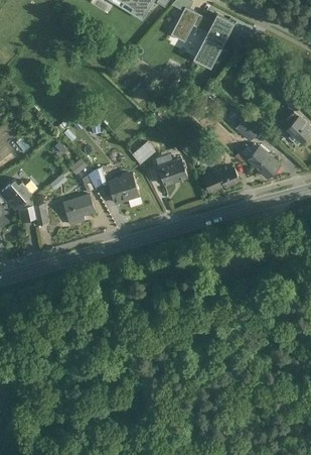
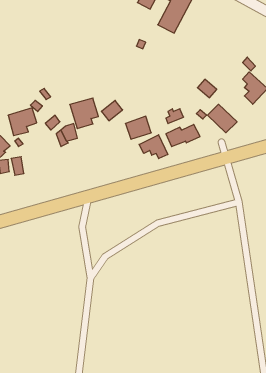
building: [107,175,138,208] -> [70,98,98,129]
building: none -> [139,135,168,159]
building: [62,194,94,224] -> [8,108,37,136]

